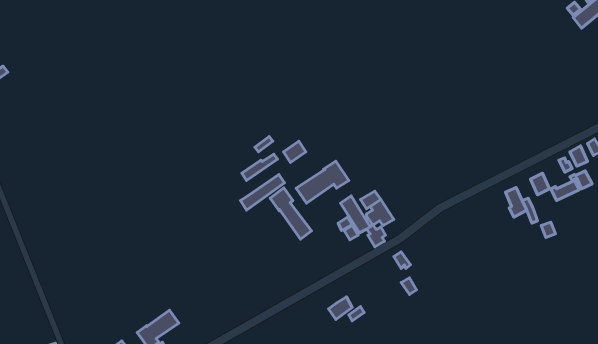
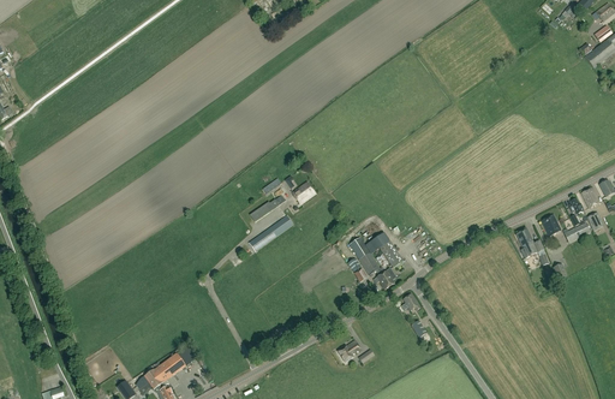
building: [296,161,349,203] -> none
building: [270,188,311,239] -> none

